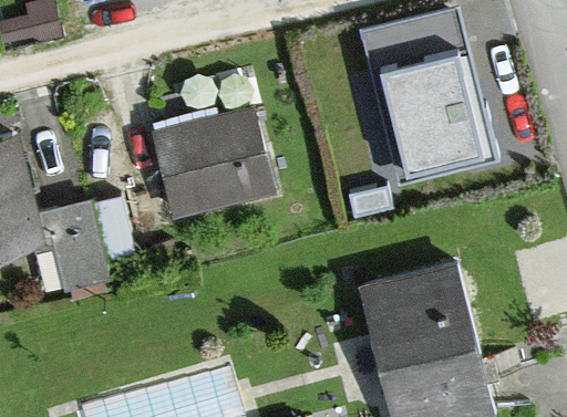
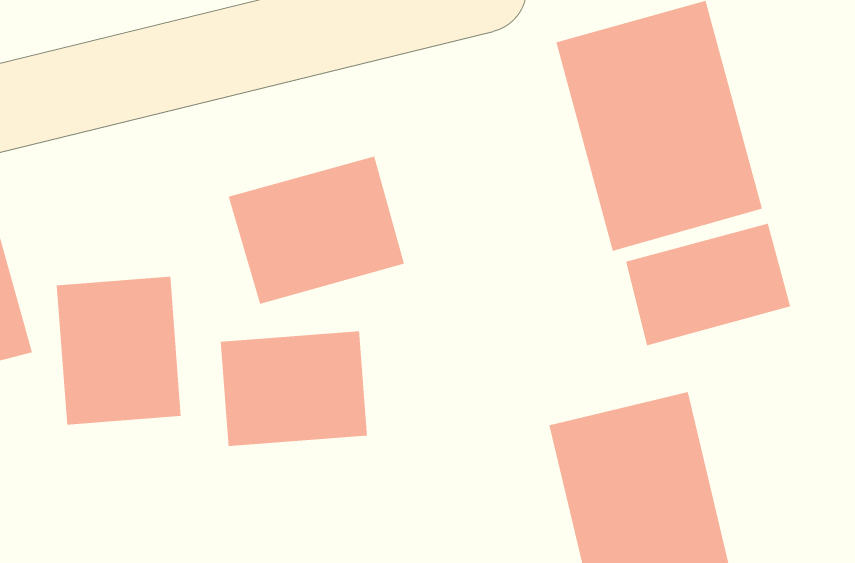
building: none -> [626,223,791,346]
building: none -> [220,331,367,447]

